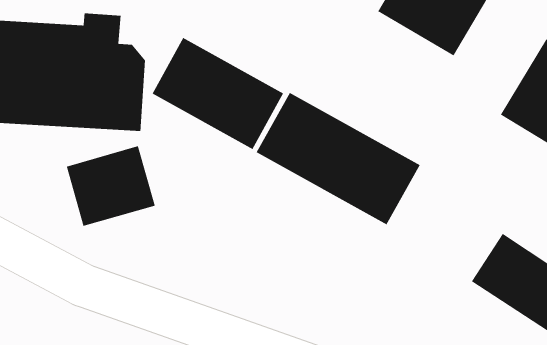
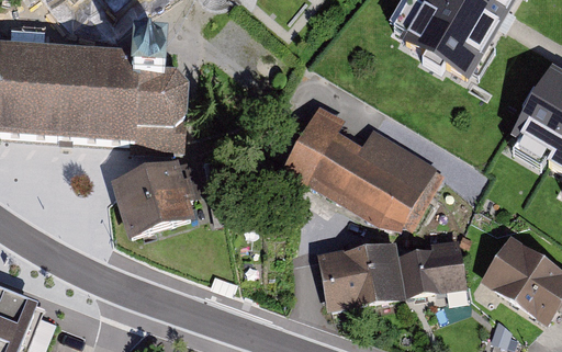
building: [151,37,284,150] -> none
building: none -> [321,232,474,307]

